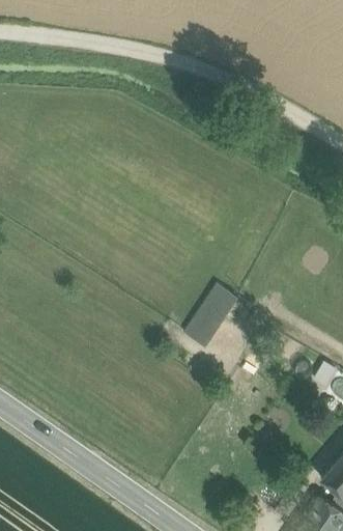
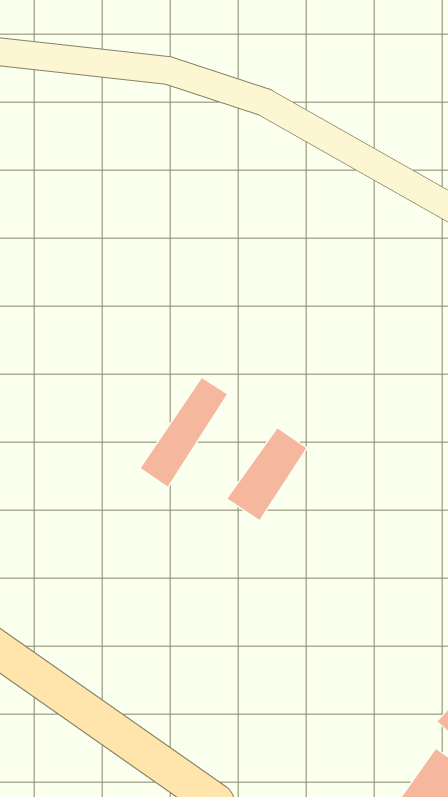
building: none -> [140,377,228,487]

